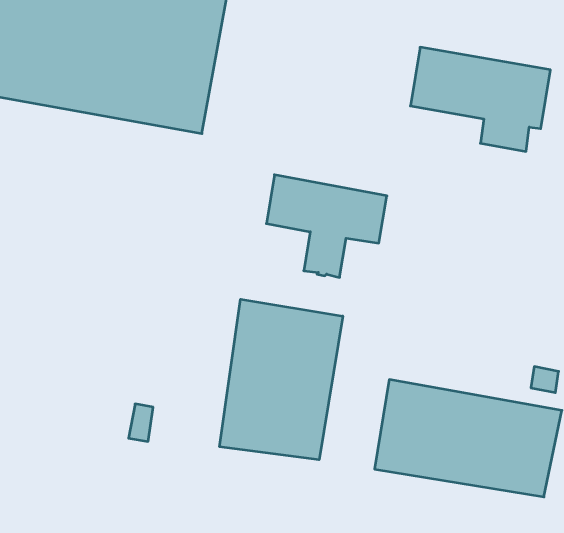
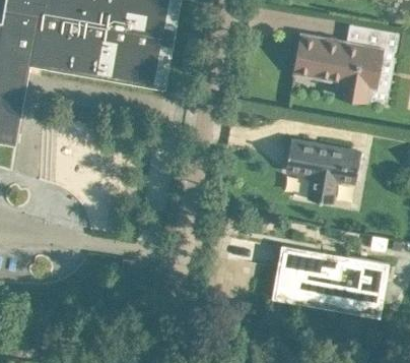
building: [266,175,387,277] -> [285,139,360,203]
building: [220,299,343,460] -> none

